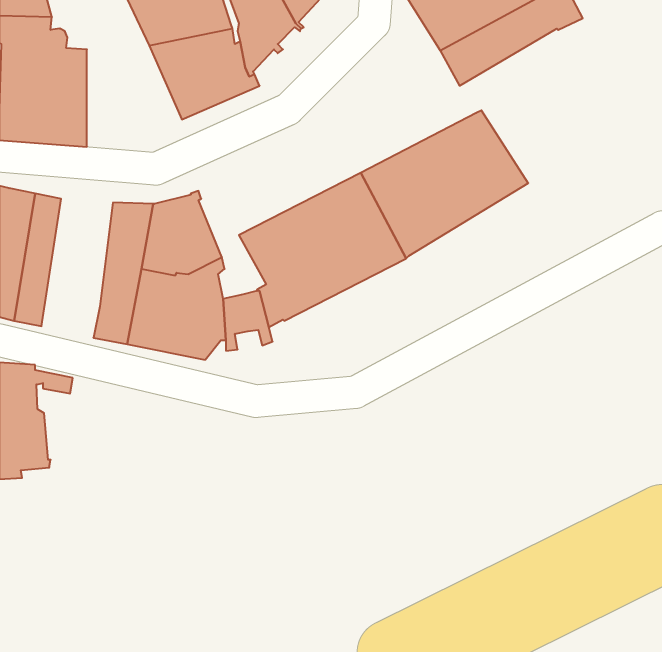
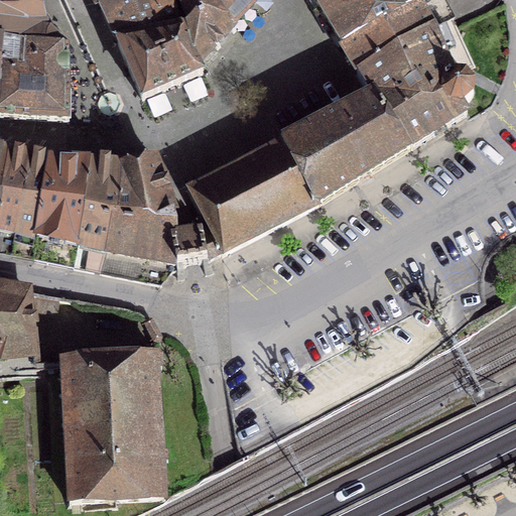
building: none -> [357,22,472,142]
building: none -> [32,154,88,262]
building: none -> [60,347,166,497]

